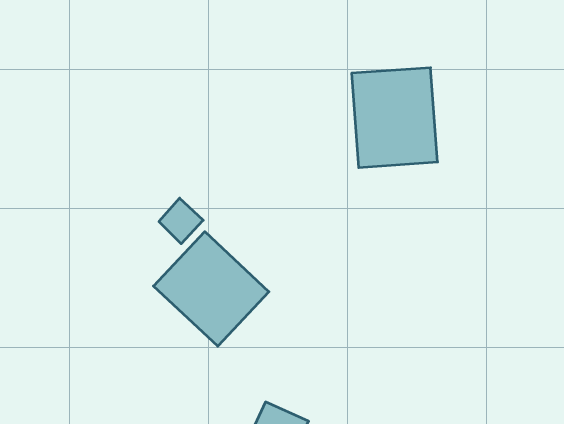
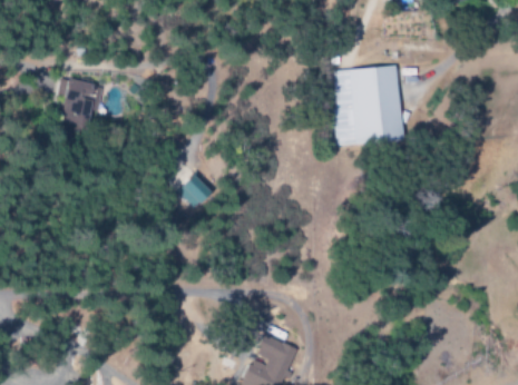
building: none -> [57,79,102,125]
building: [153,232,269,346] -> none

